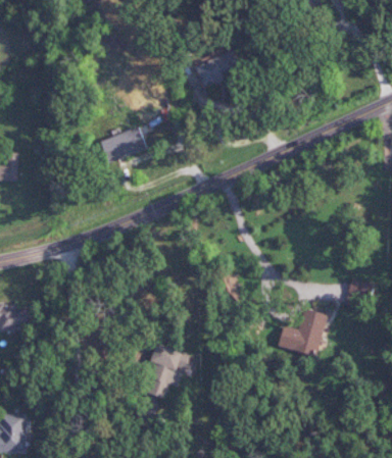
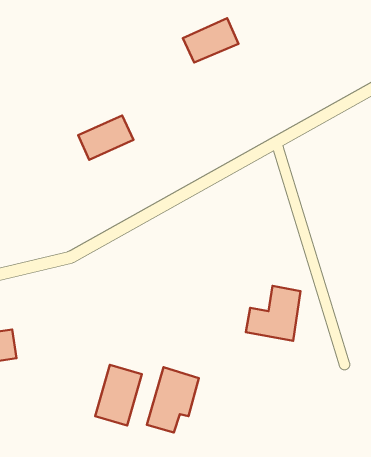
building: [278,308,327,356] -> [246,286,301,341]
building: none -> [95,365,142,426]

